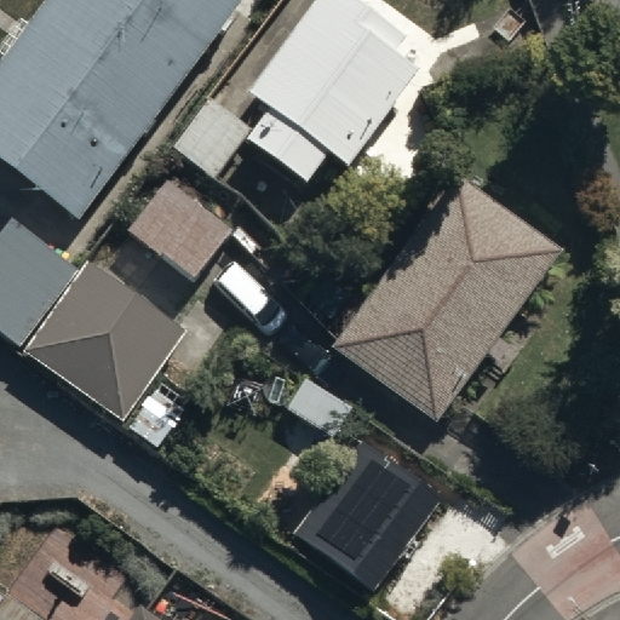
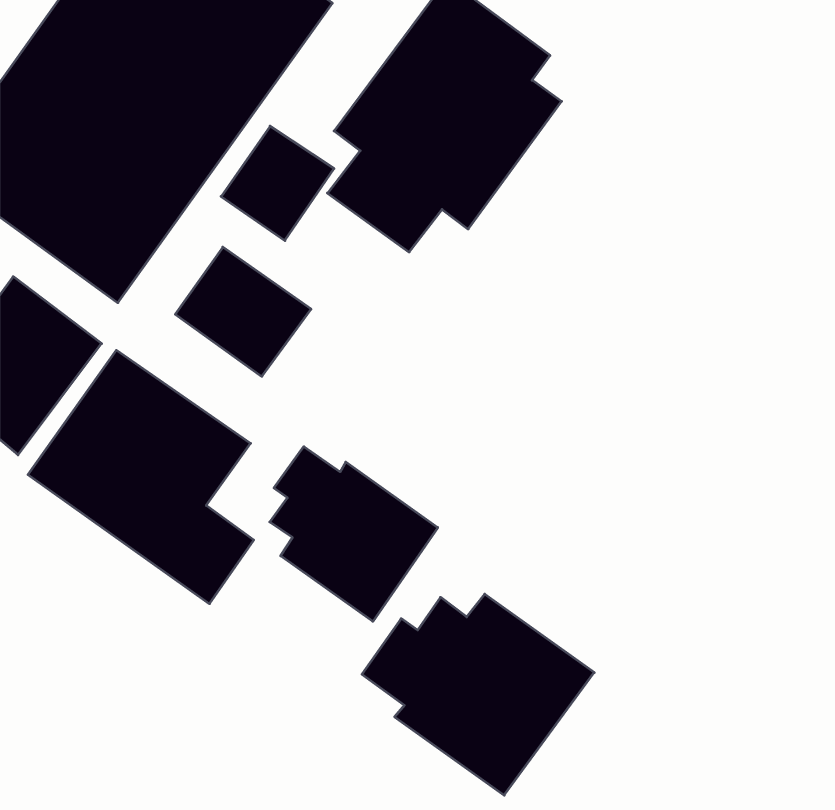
building: [329,180,556,425] -> none
building: none -> [270,447,438,621]

